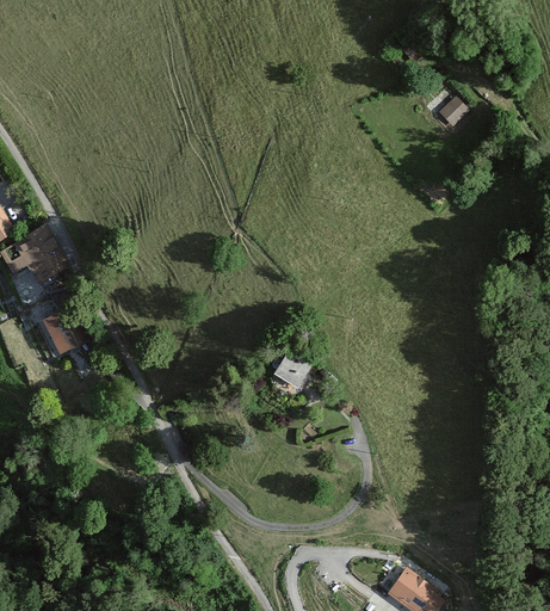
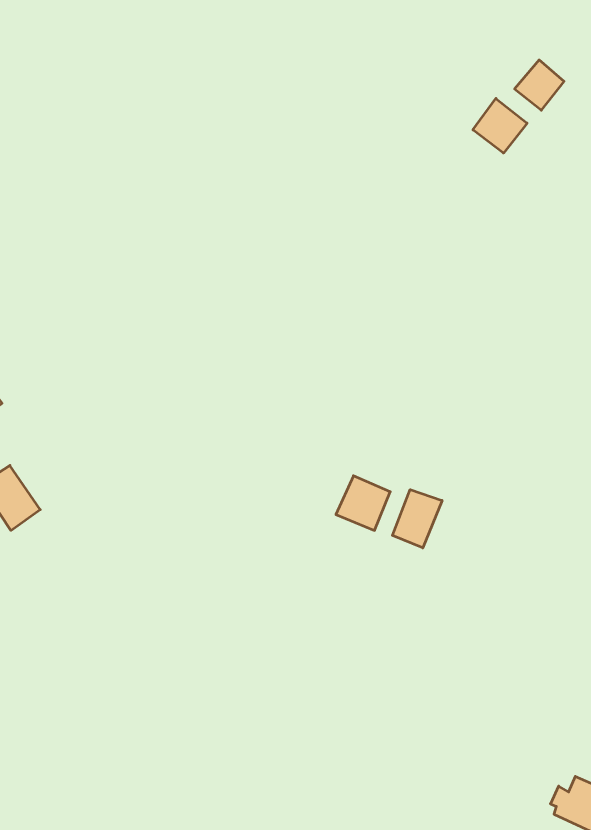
building: none -> [473,98,527,153]
building: none -> [392,490,442,548]

